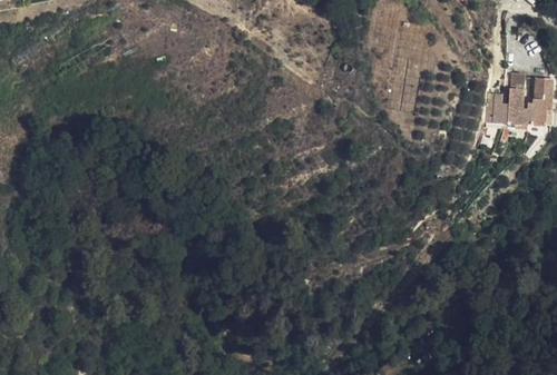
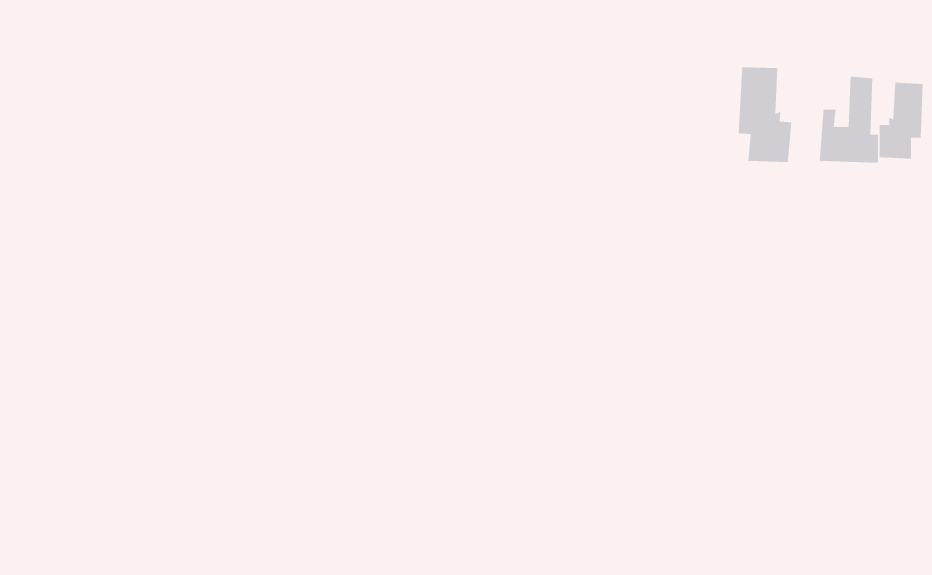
building: none -> [738,66,792,163]

